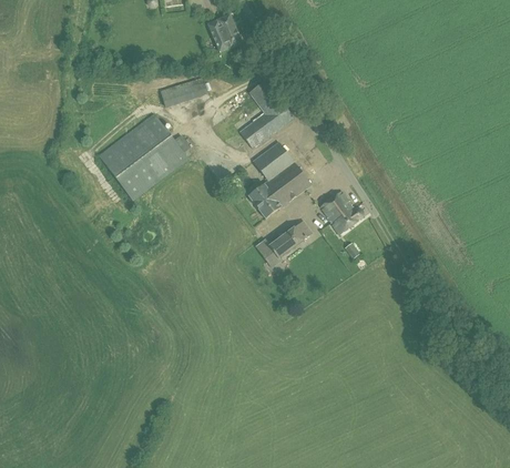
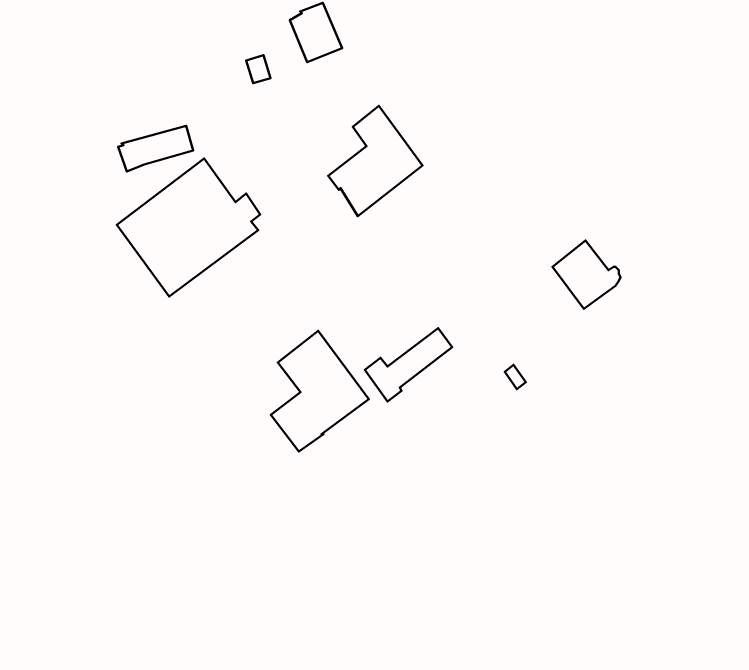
building: [160,78,207,106] -> [118,126,193,171]
building: [248,141,310,217] -> [271,331,369,452]
building: [319,190,363,233] -> [552,241,621,309]

